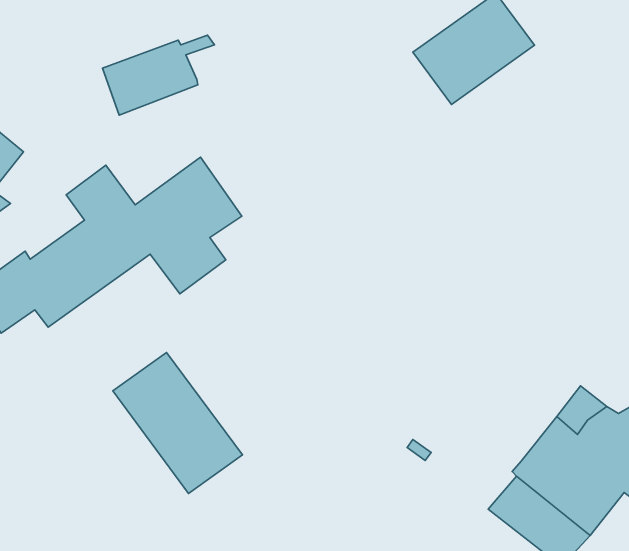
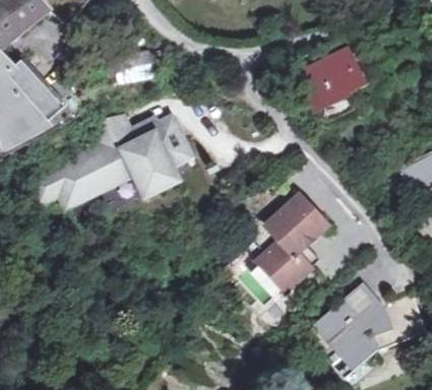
building: none -> [258,197,322,289]
building: [113,352,242,493] -> none

